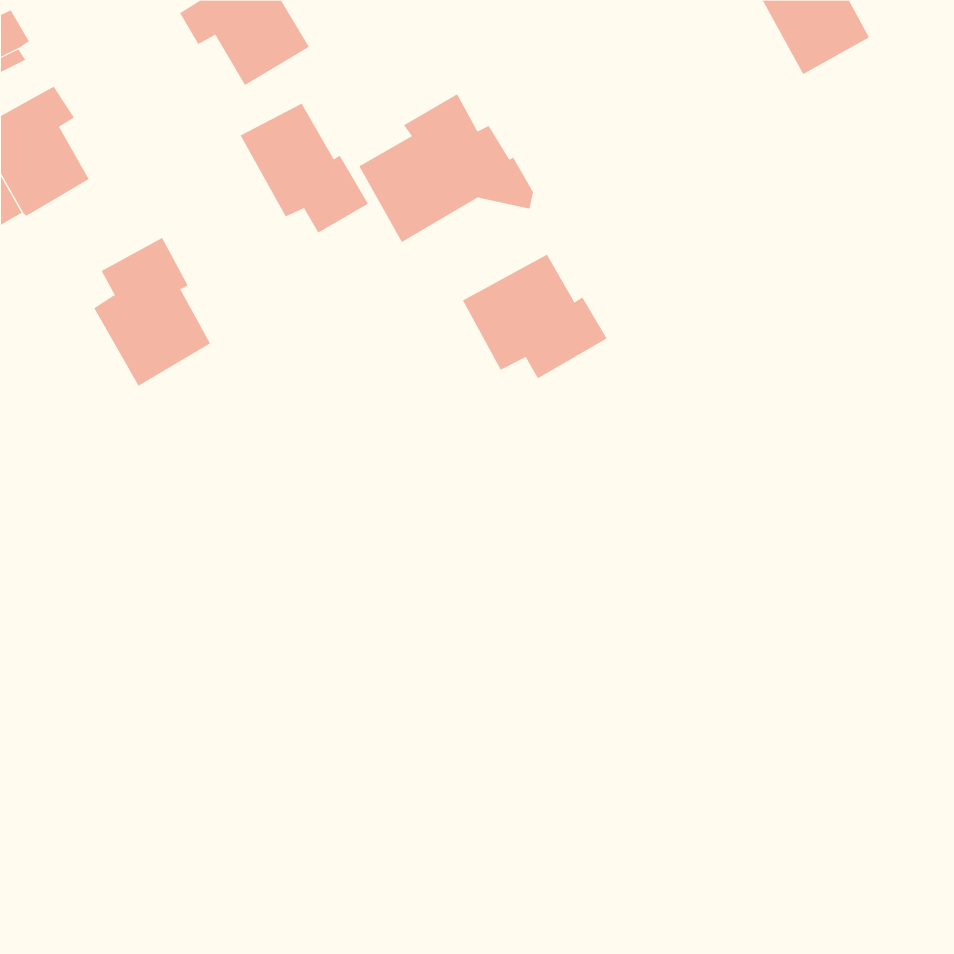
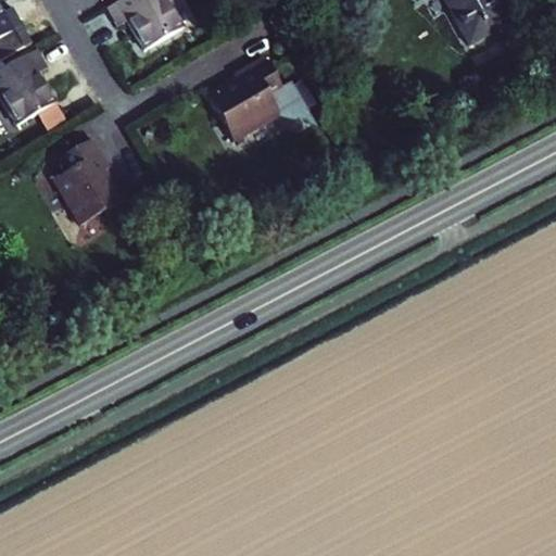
building: [240,103,369,233] -> none
building: [462,254,607,379] -> none

